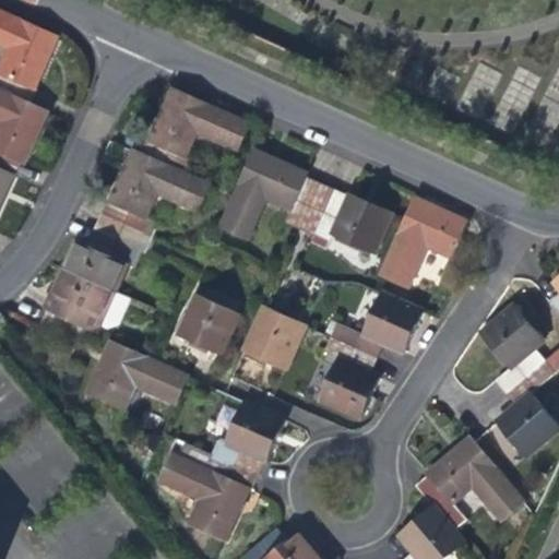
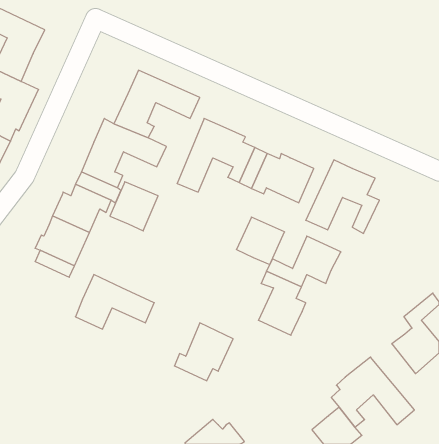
building: [179,292,239,353] -> [110,182,158,231]
building: [245,307,305,366] -> [236,217,285,264]
building: [477,311,540,394] -> none
building: [166,455,258,539] -> none

